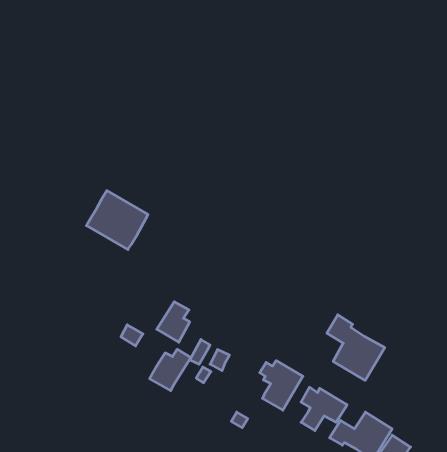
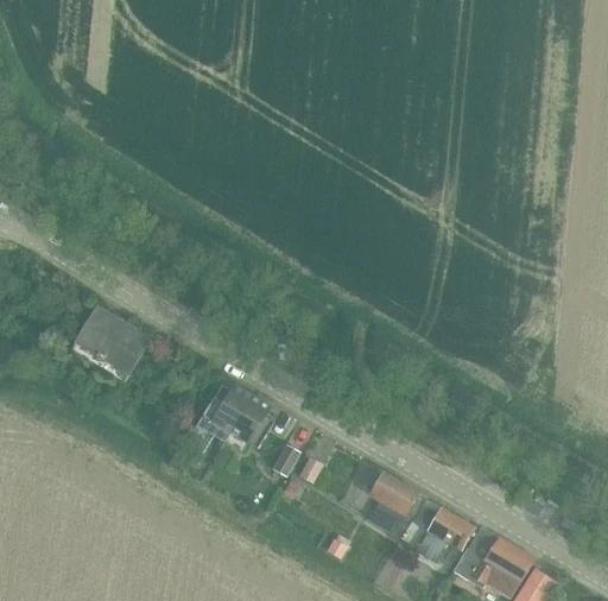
building: [86,191,148,250] -> [70,305,150,381]
building: [327,315,385,380] -> none
building: [150,349,191,391] -> [198,384,252,437]

